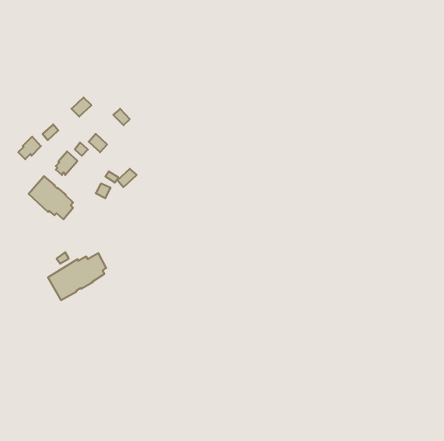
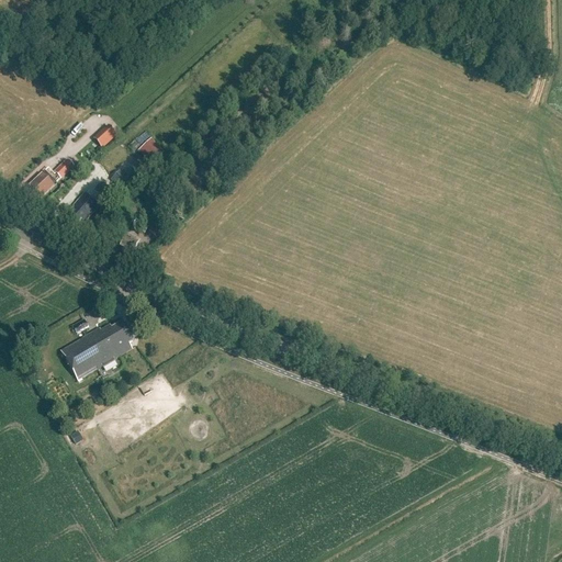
building: [29,176,73,219] -> none

